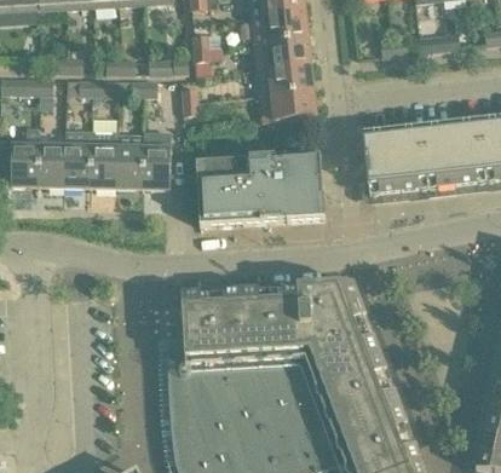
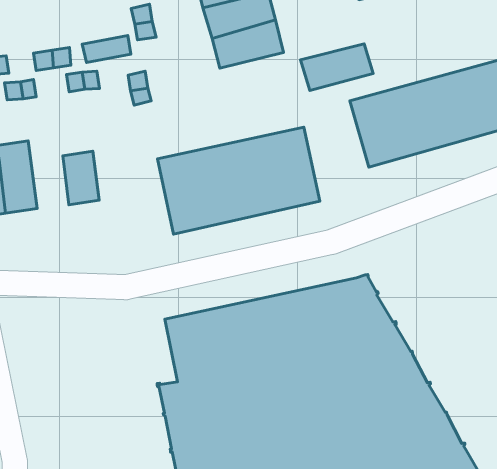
building: [258,90,316,121] -> [301,44,373,91]
building: [90,129,117,188] -> none
building: [143,132,171,189] -> none

